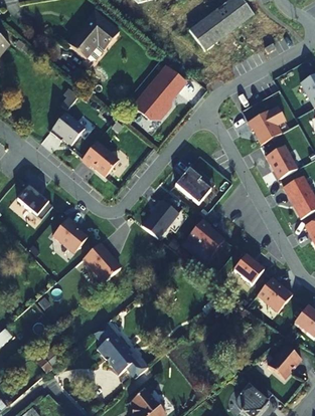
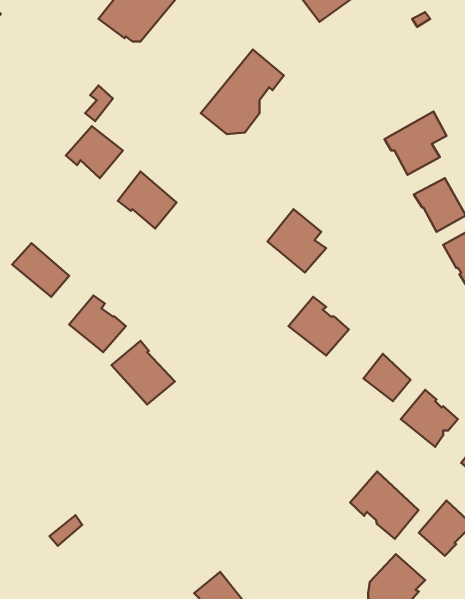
building: [139,204,175,242] -> none
building: [91,326,145,379] -> none
building: none -> [350,472,419,539]

